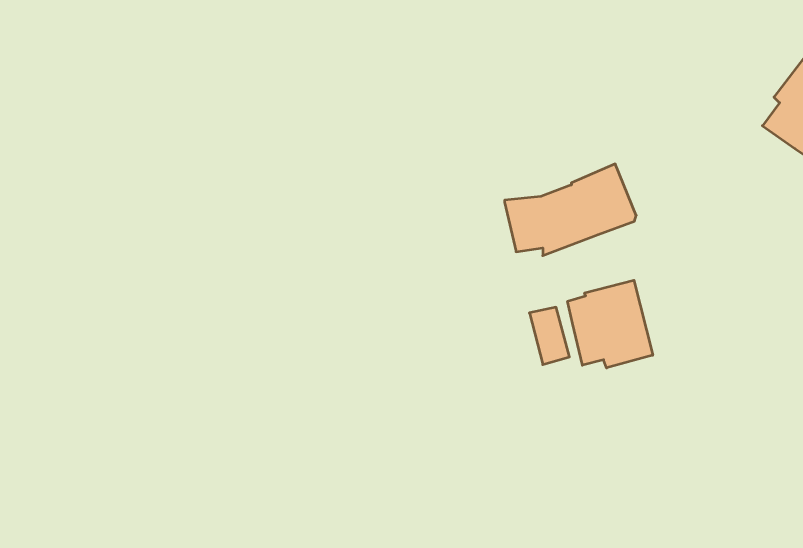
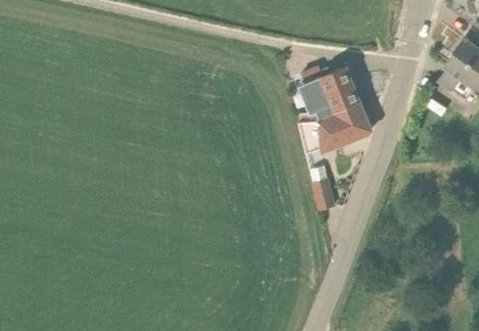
building: none -> [301,67,360,121]
building: [568,280,653,368] -> none

